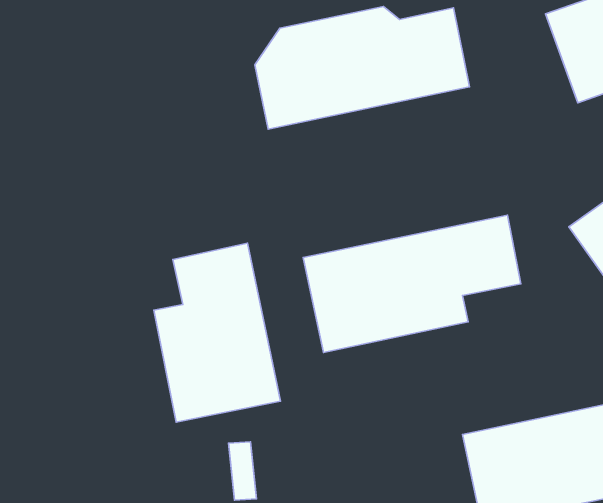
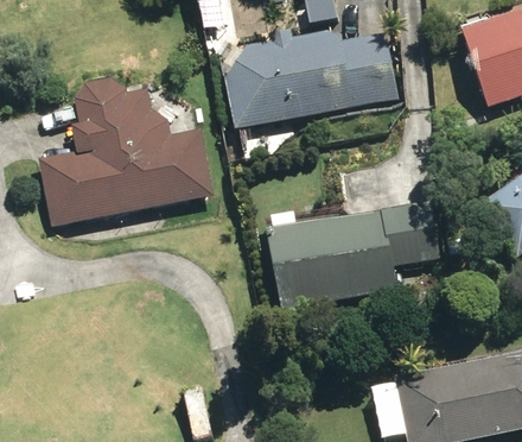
building: none -> [38,78,212,223]
building: [154,243,280,422] -> none

